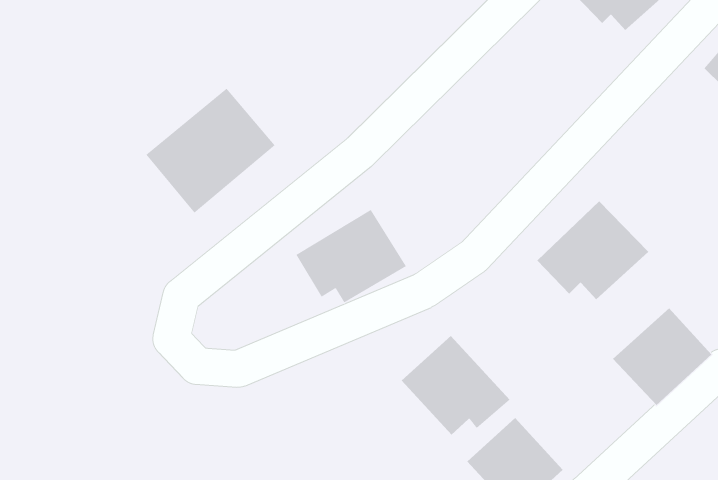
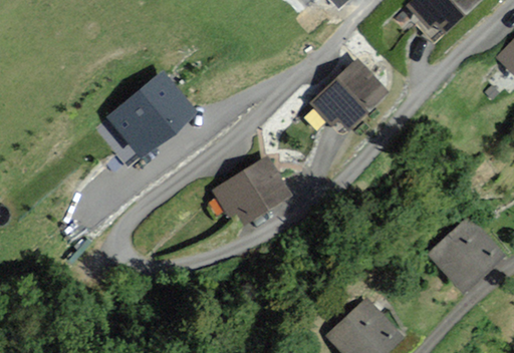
building: [536,201,649,300] -> [308,59,388,129]
building: [401,335,511,435] -> none

